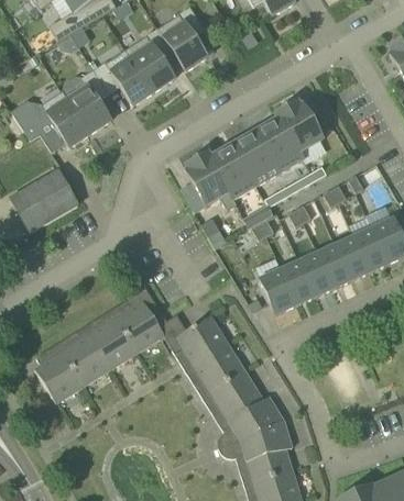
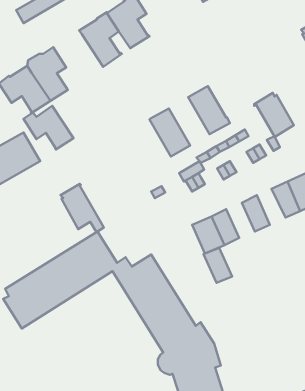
building: [92,54,152,105] -> [24,106,74,149]
building: [274,101,321,153] -> [254,93,294,136]
building: [230,129,279,186] -> none
building: [184,153,236,210] -> [60,184,104,232]
building: [335,237,369,280] -> none
building: [298,254,332,296] -> [203,248,232,283]

